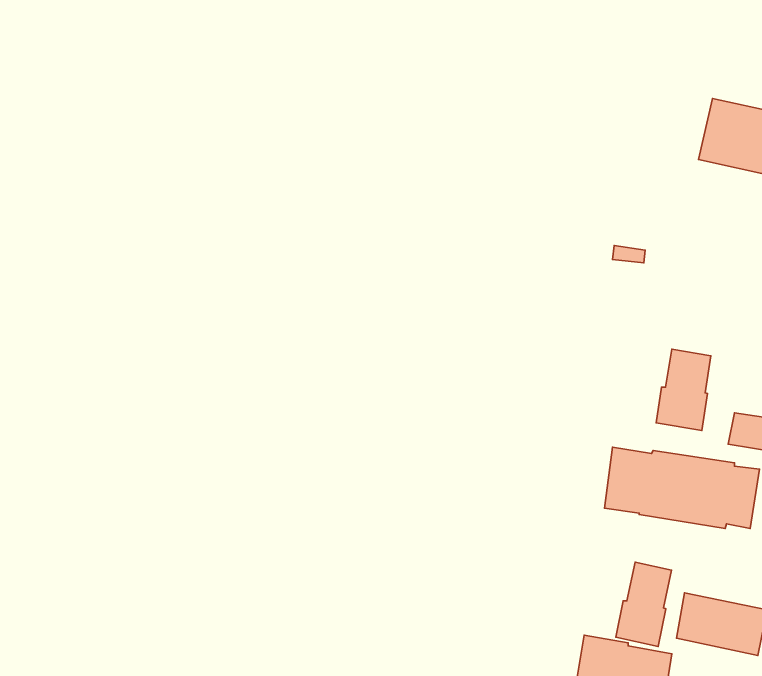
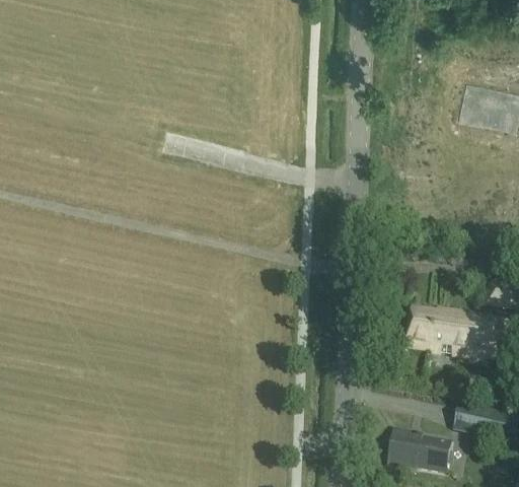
building: [656,349,711,430] -> none
building: [616,562,671,647] -> none

